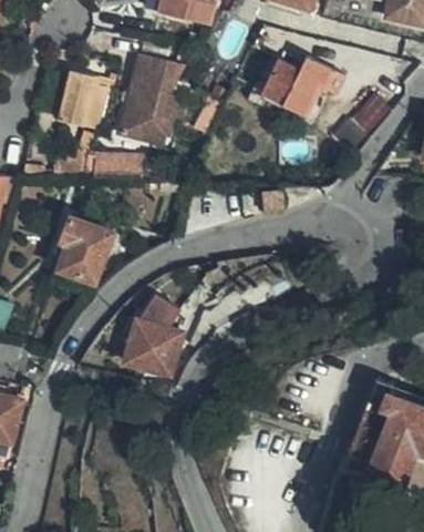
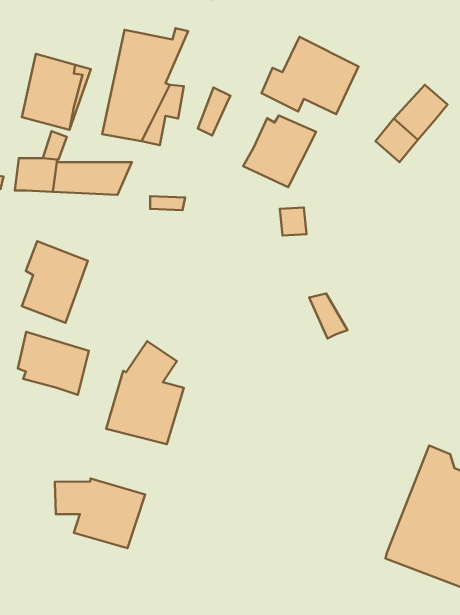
building: none -> [243,115,316,187]
building: none -> [18,332,89,395]
building: none -> [55,479,145,548]

